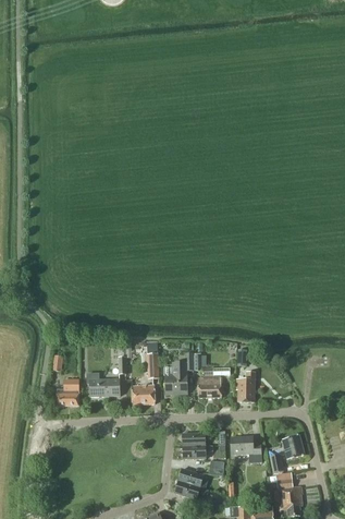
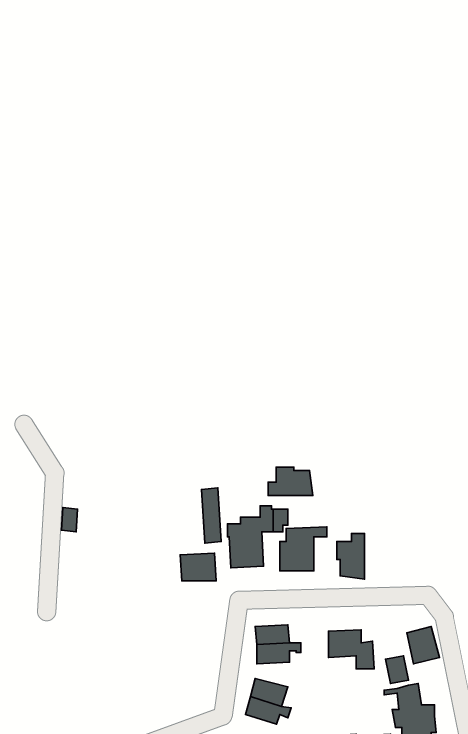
building: none -> [268,467,313,495]
building: [87,373,120,396] -> none
building: [57,378,78,406] -> none

